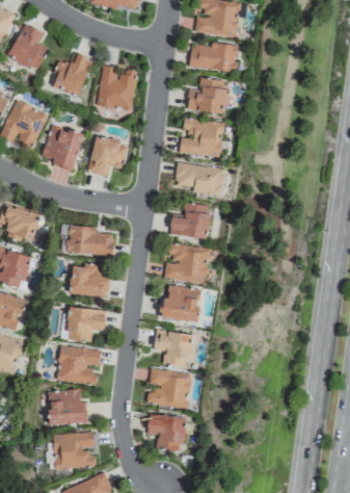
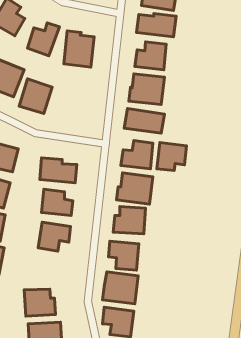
building: [87,136,129,177] -> none
building: none -> [157,143,187,170]
building: [57,345,101,385] -> none

